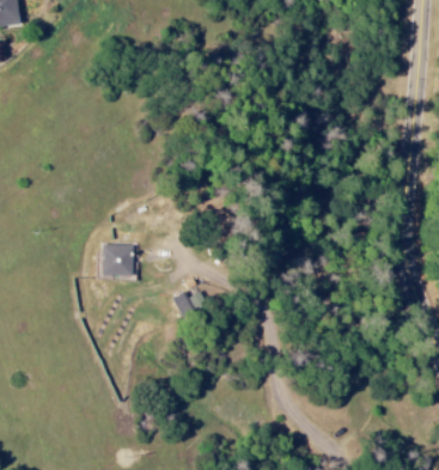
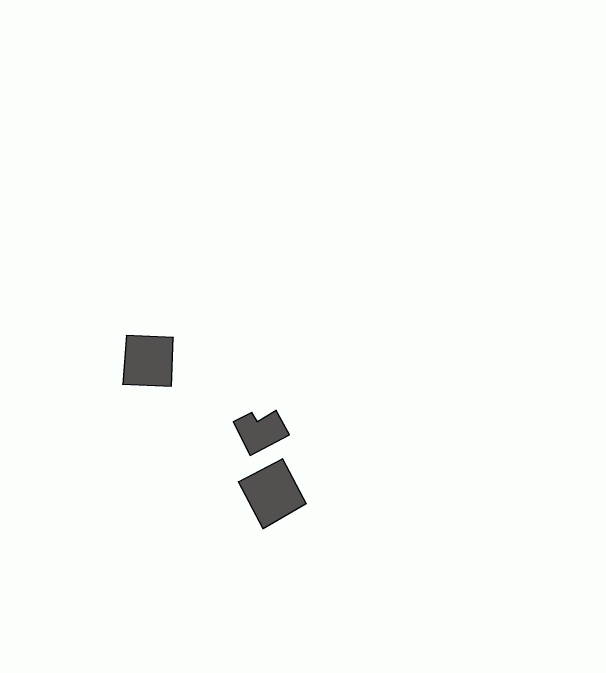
building: none -> [238,459,306,529]

